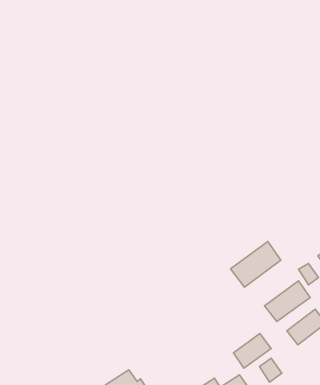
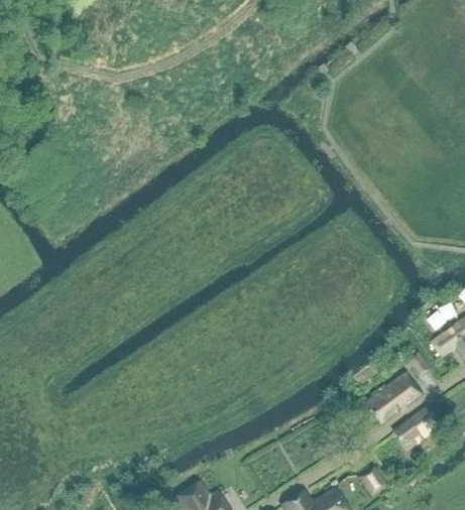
building: [230,241,281,287] -> none
building: [233,334,271,368] -> none

